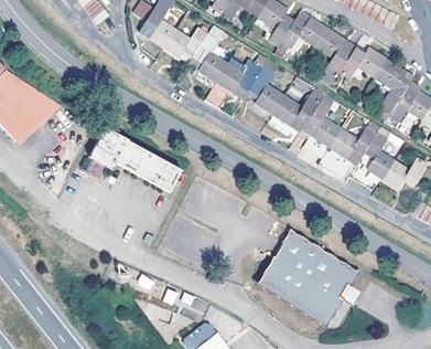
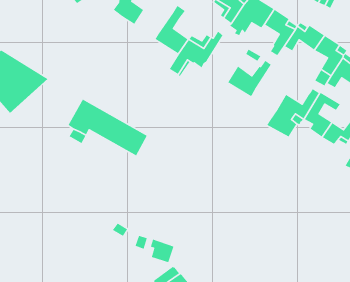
building: [164,24,208,56] -> none
building: [249,57,284,113] -> none
building: [302,95,341,156] -> none
building: [259,234,359,332] -> none

